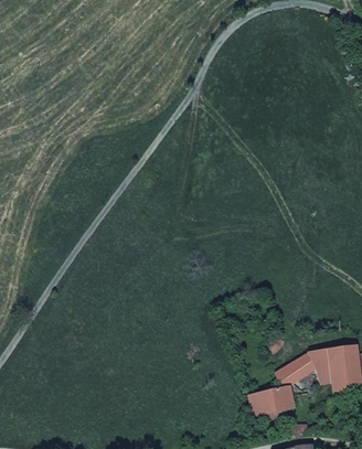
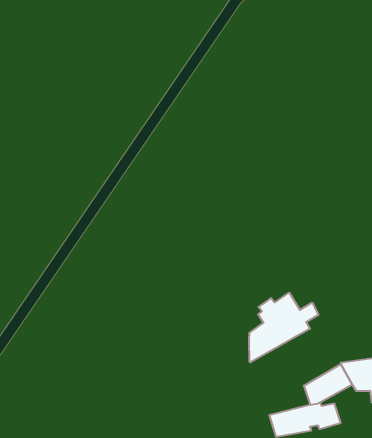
building: none -> [249,293,318,363]

